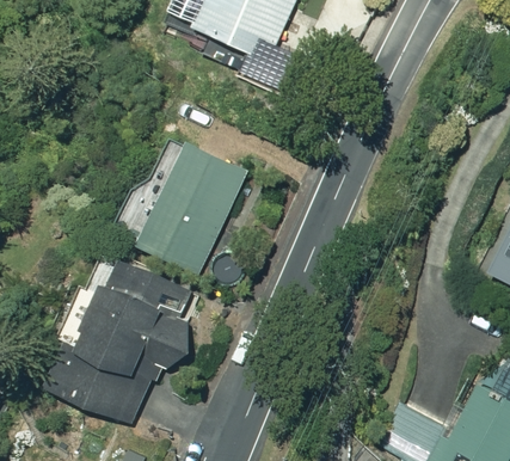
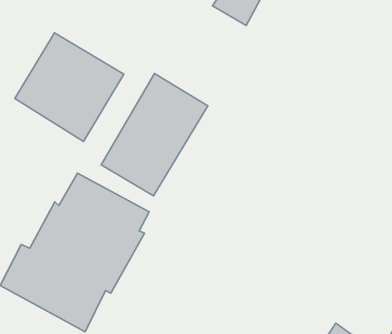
building: none -> [15,33,124,142]

